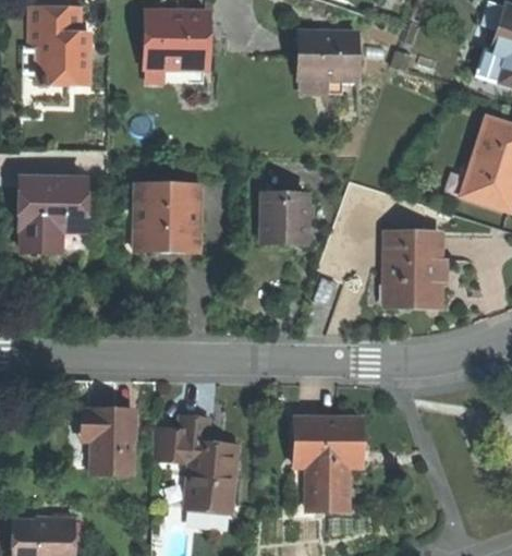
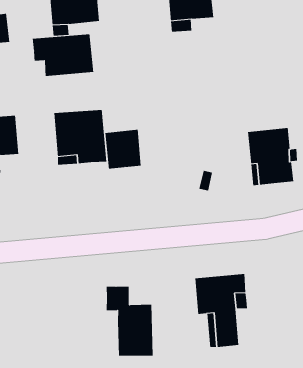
building: none -> [32,33,94,77]
building: [264,195,308,243] -> [104,129,141,169]
building: [85,408,135,472] -> none
building: [154,428,192,462] -> none

